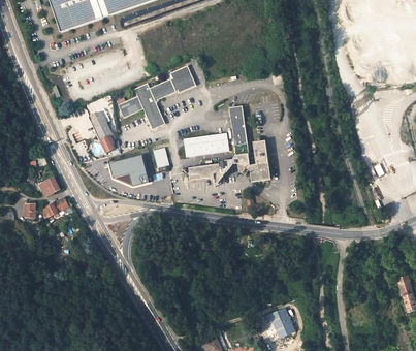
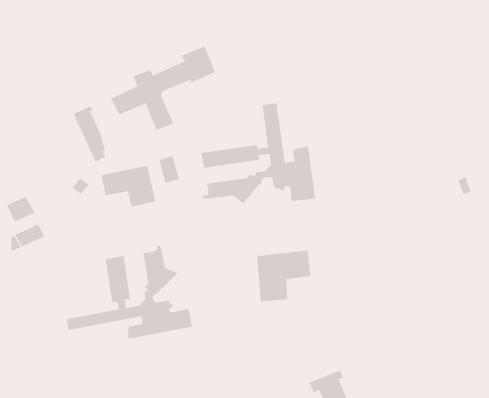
building: none -> [67,244,193,340]
building: none -> [256,250,311,302]

